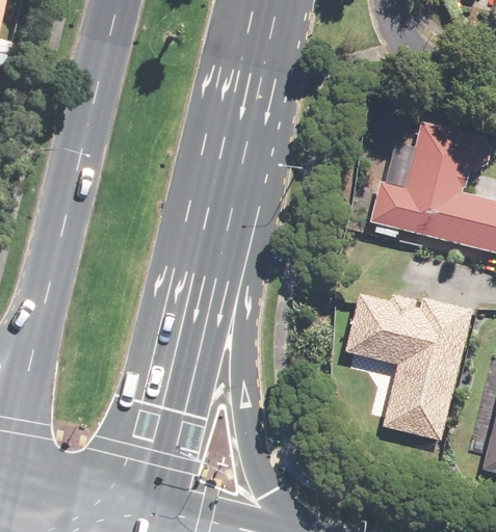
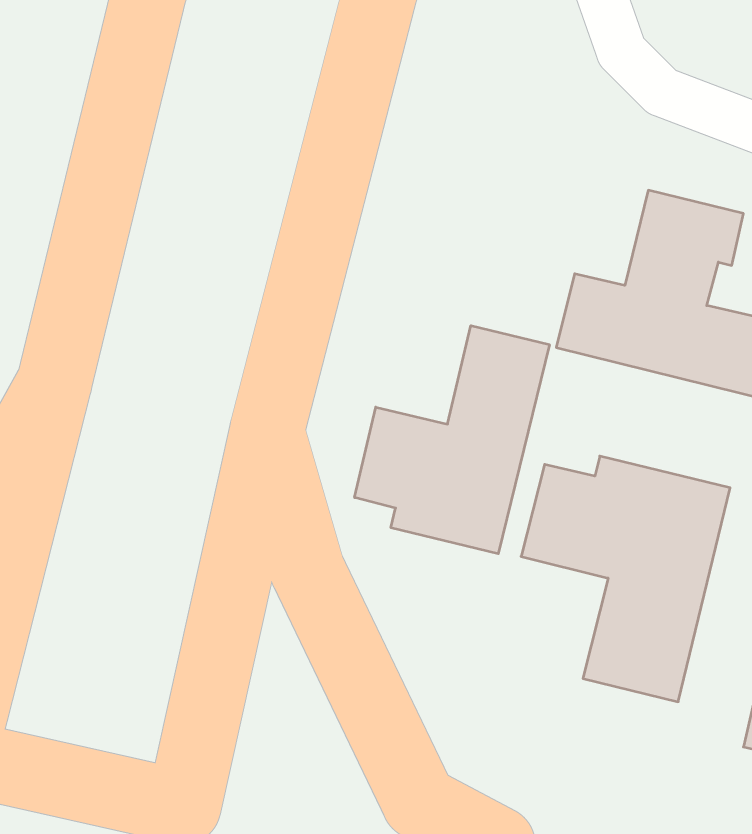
building: none -> [355,326,549,554]

